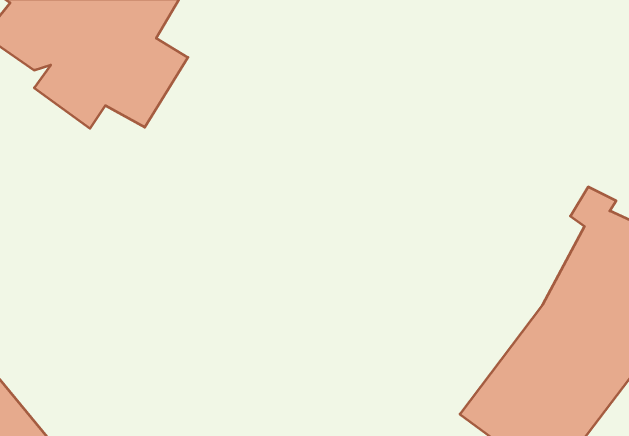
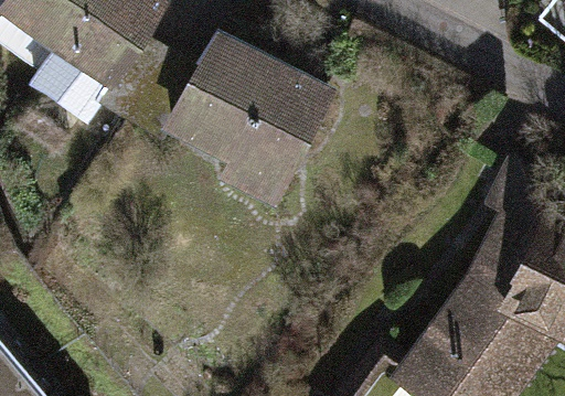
building: none -> [127,38,326,195]

